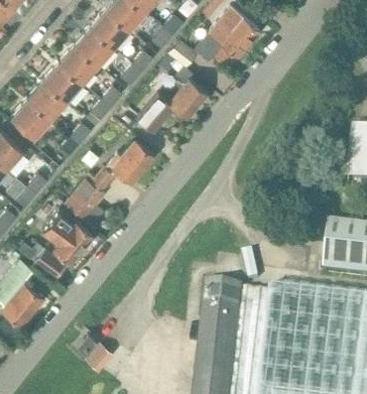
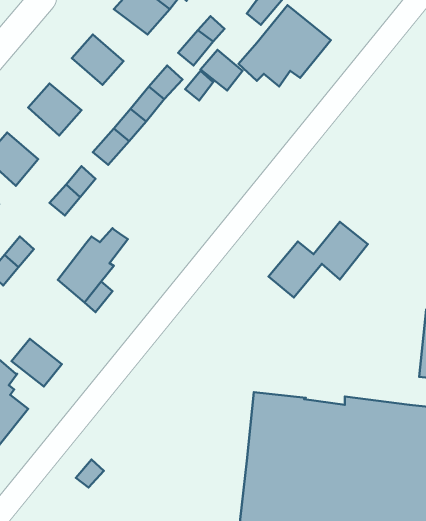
building: [91,9,130,46] -> none
building: [59,44,98,82] -> none
building: [137,78,209,132] -> [269,222,368,298]
building: [29,80,67,117] -> none
building: [106,140,155,183] -> none
building: [43,207,96,264] -> none

